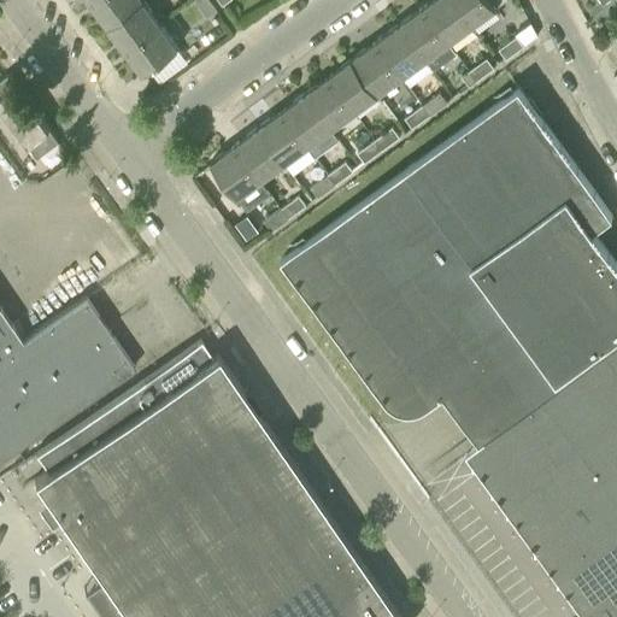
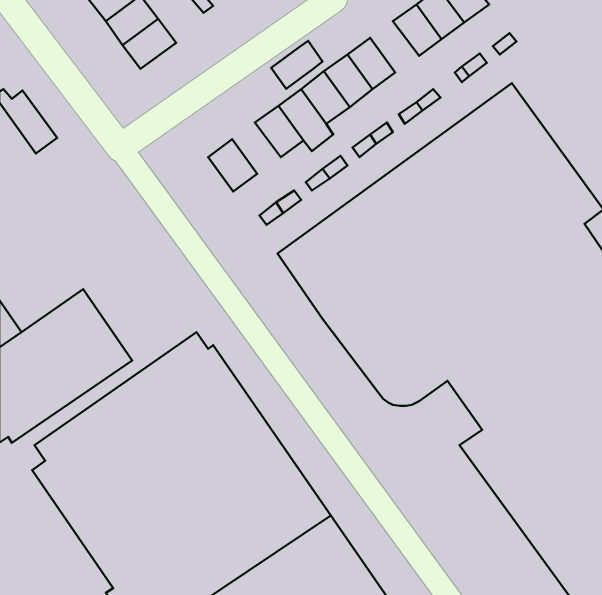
building: [376,30,425,82] -> none
building: none -> [271,41,322,89]
building: [236,133,286,184] -> none

